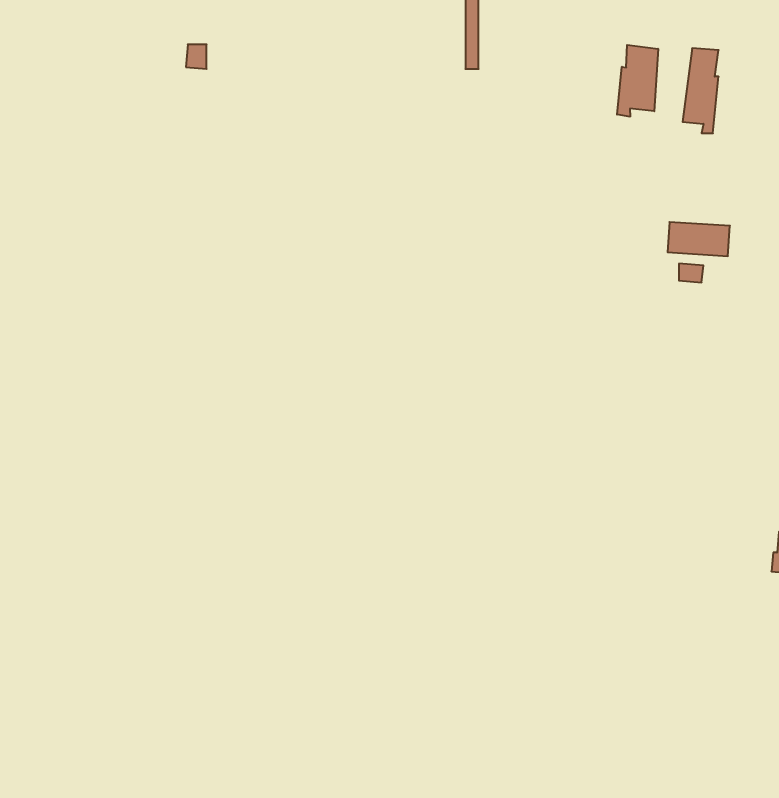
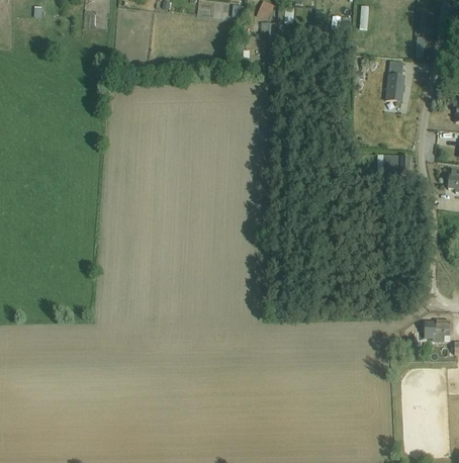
building: [617,45,658,117] -> none

